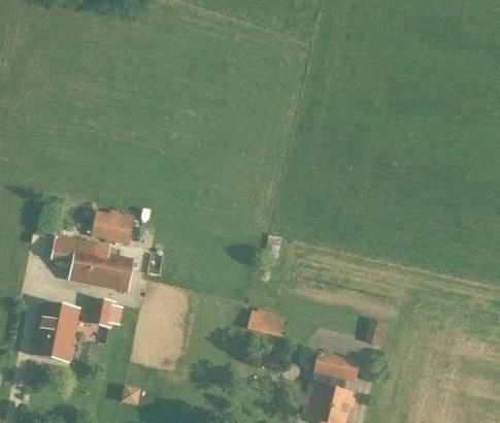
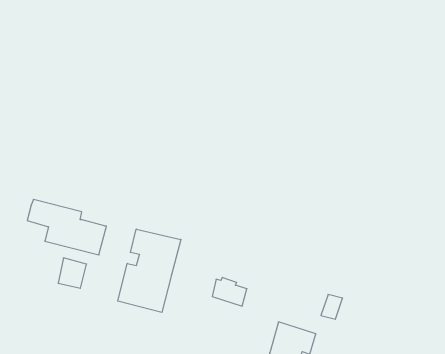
building: [90,212,133,247] -> none
building: none -> [118,229,181,312]
building: [35,302,78,363] -> none

